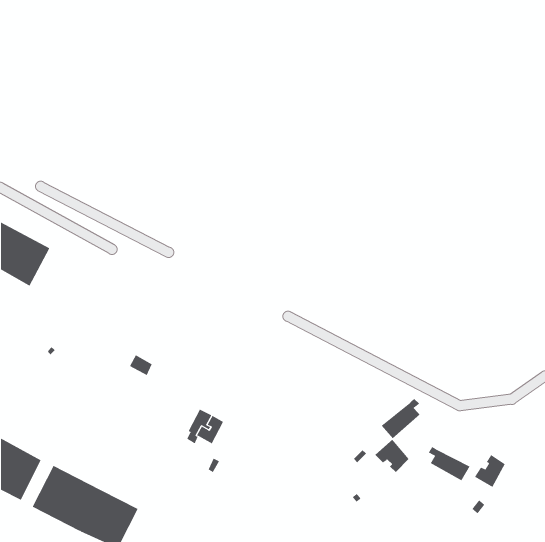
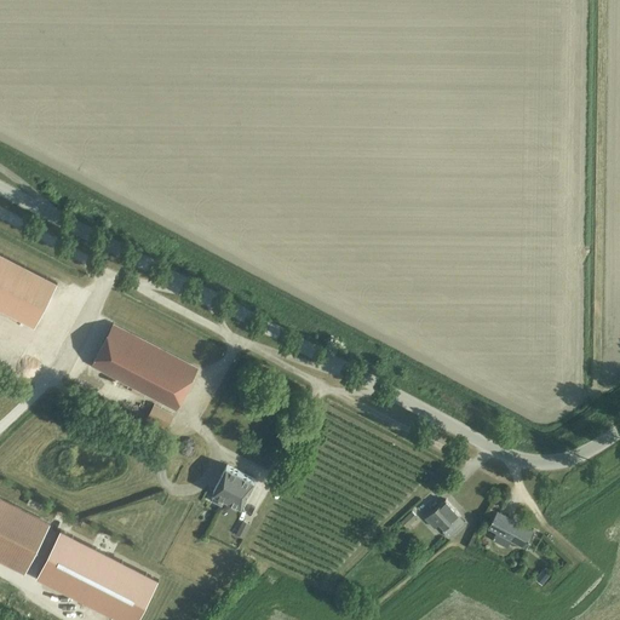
building: none -> [91,326,197,411]
building: [381,398,420,439] -> none
building: [474,454,506,488] -> none

